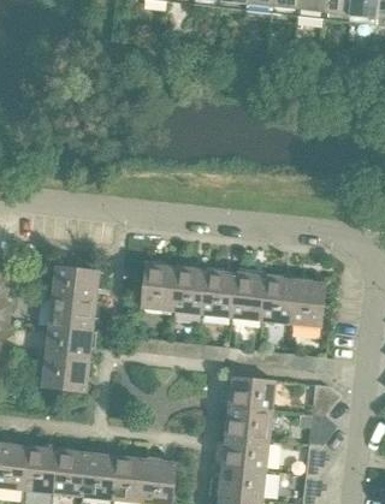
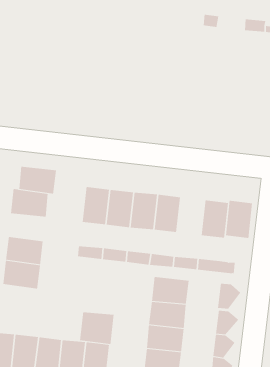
building: [260,275,295,324] -> [225,200,253,239]
building: [48,296,96,331] -> [19,166,57,194]
building: none -> [80,311,114,345]

